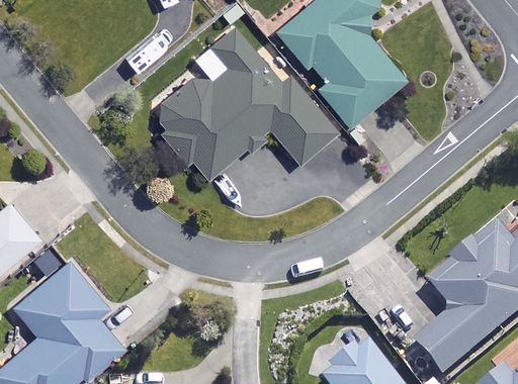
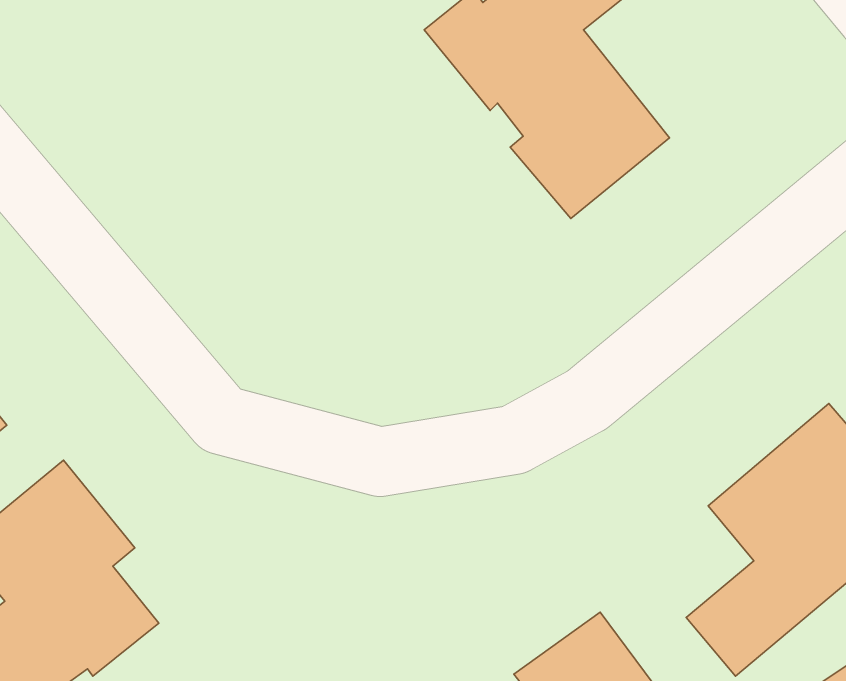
building: [163,27,337,183] -> none

